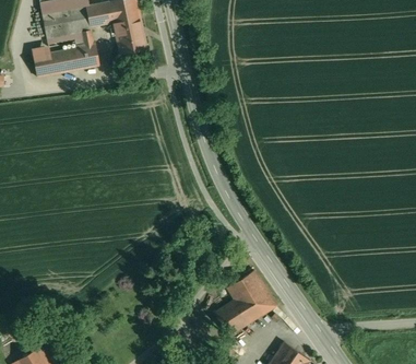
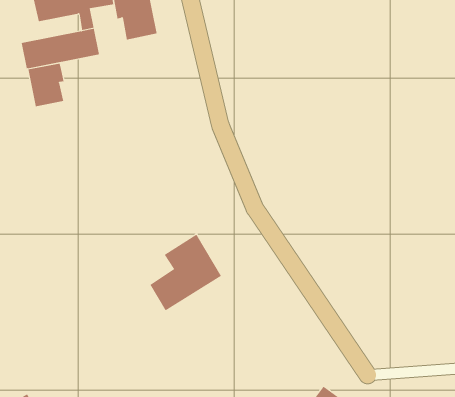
building: none -> [28,63,64,107]
building: [215,270,275,334] -> [150,234,222,311]

